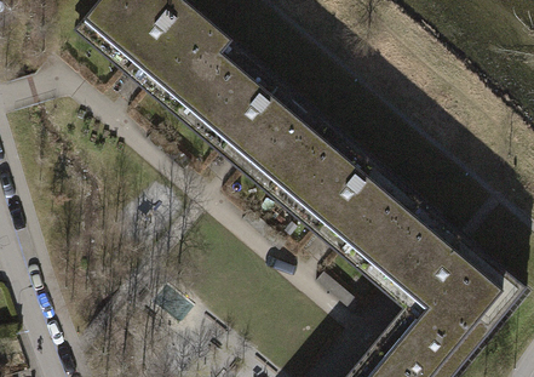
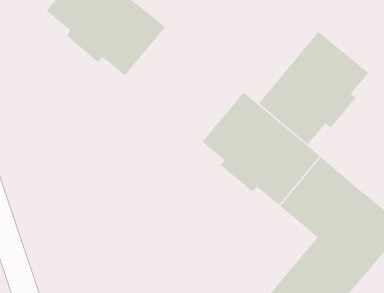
building: [178,39,325,181] -> none
building: none -> [258,31,369,145]

